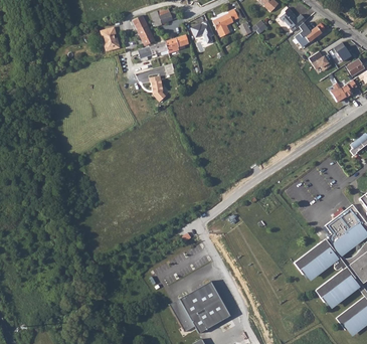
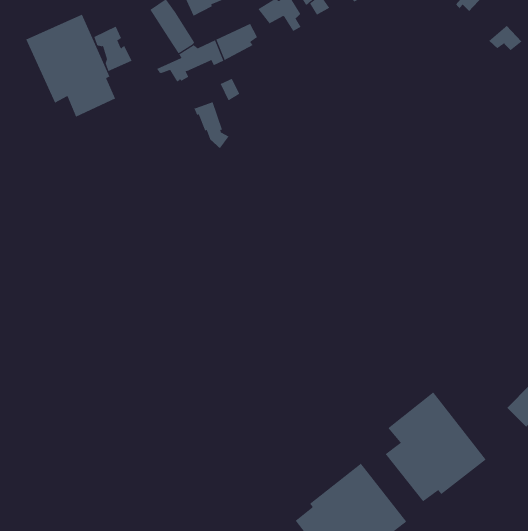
building: none -> [26,14,116,117]
building: none -> [385,392,487,502]

